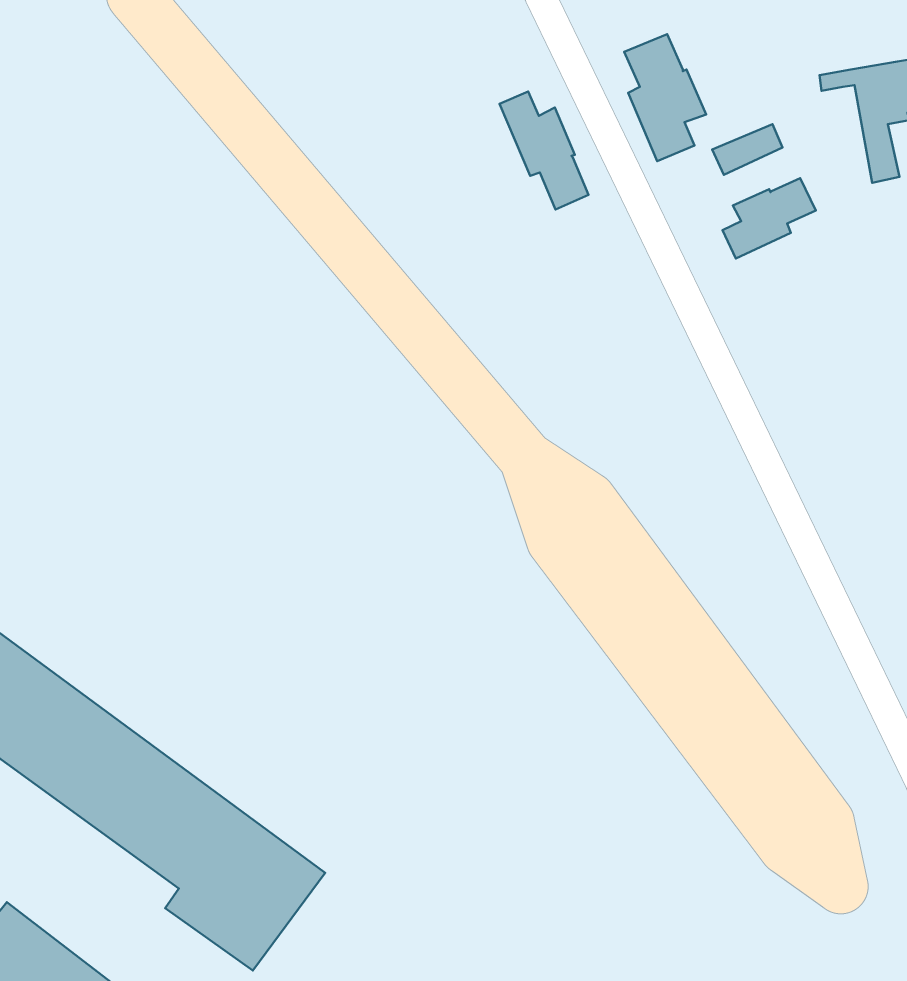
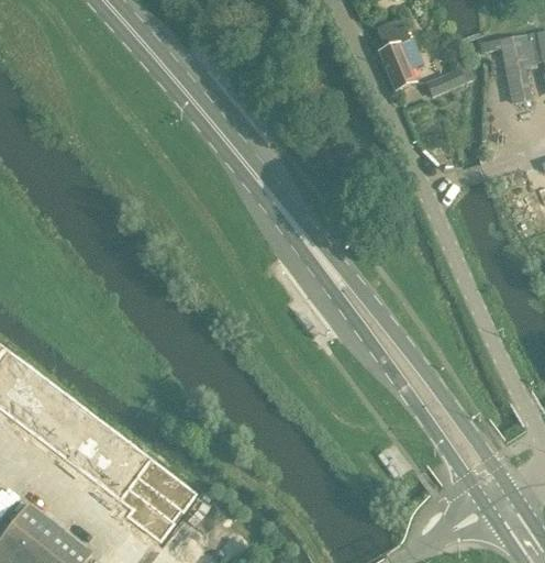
building: [500,91,588,210] -> none
building: [722,178,816,258] -> none

